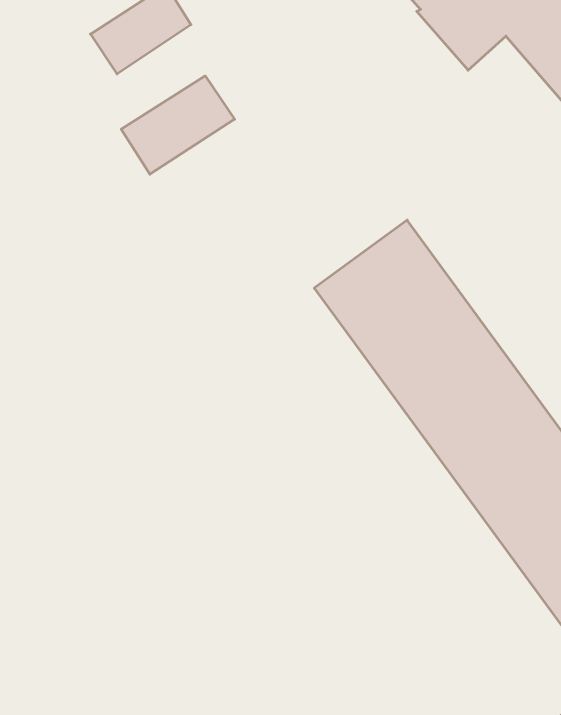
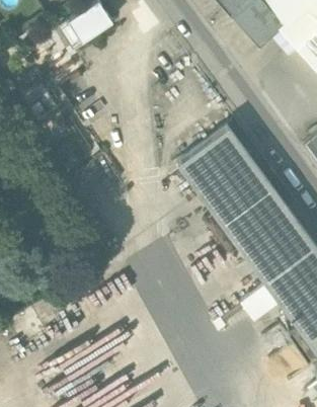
building: [121,76,235,174] -> none

